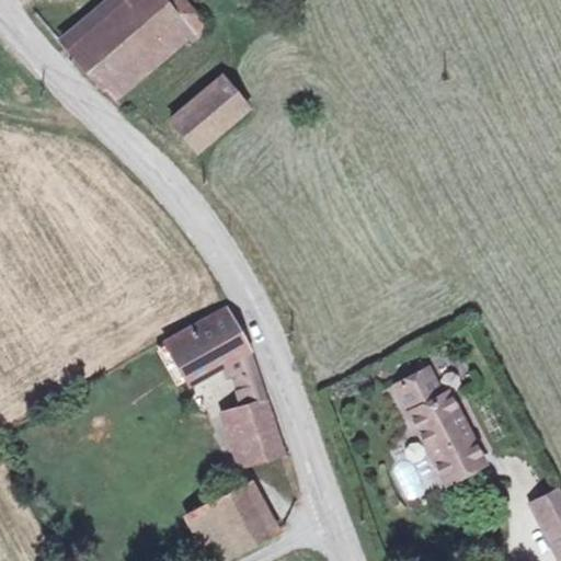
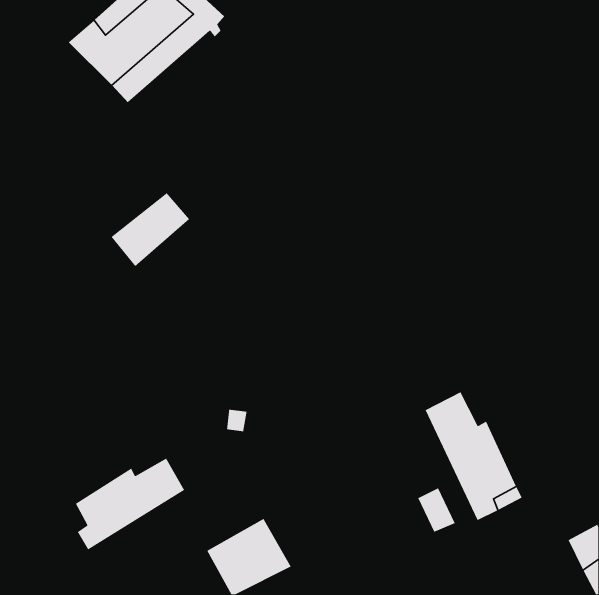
building: [175,79,250,149] -> [111,192,190,267]
building: [157,304,285,460] -> none
building: none -> [75,458,185,550]

